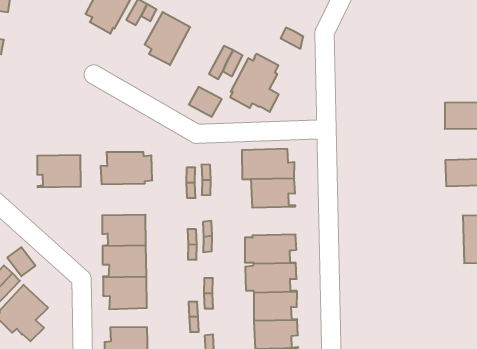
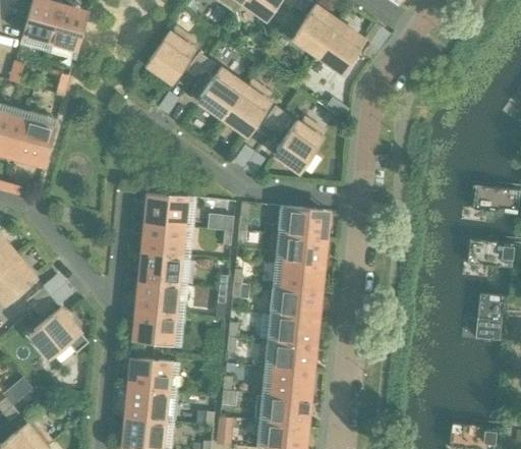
building: none -> [222,80,271,132]
building: [37,155,81,187] -> [141,223,185,257]
building: none -> [273,262,324,292]

